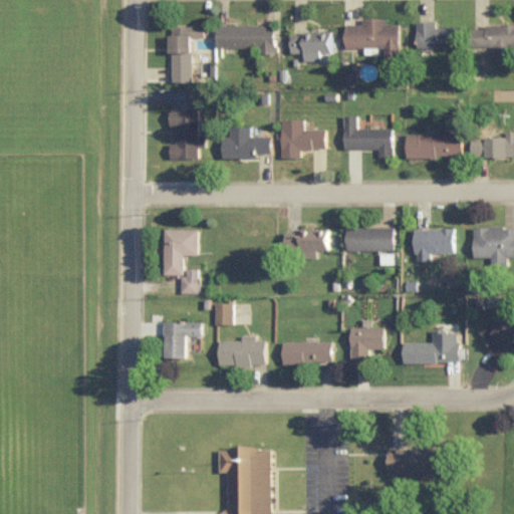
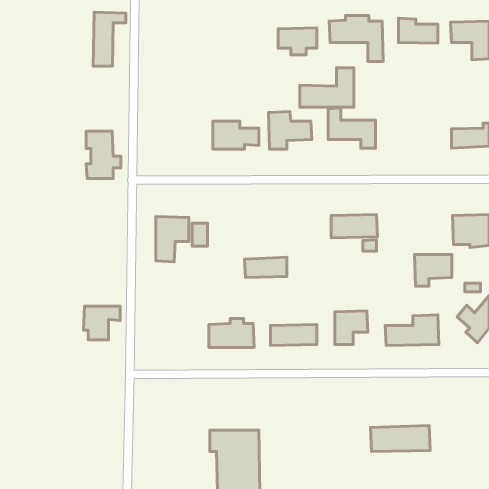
building: [216,25,273,53] -> none
building: [170,26,204,82] -> [93,12,126,66]
building: [169,109,205,159] -> [86,131,121,178]
building: [406,115,462,157] -> [300,68,354,107]
building: [283,229,327,250] -> [244,257,287,278]
building: [414,229,453,262] -> [414,254,452,286]
building: [181,269,197,293] -> [192,223,207,246]
building: [213,303,231,324] -> none
building: [162,322,200,357] -> [83,306,120,340]

